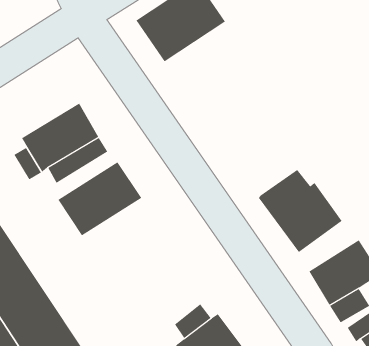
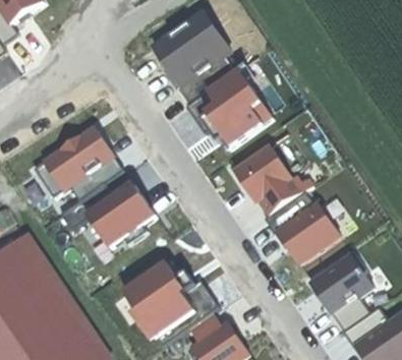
building: none -> [189,70,267,143]
building: none -> [234,135,311,213]
building: none -> [120,262,213,346]

